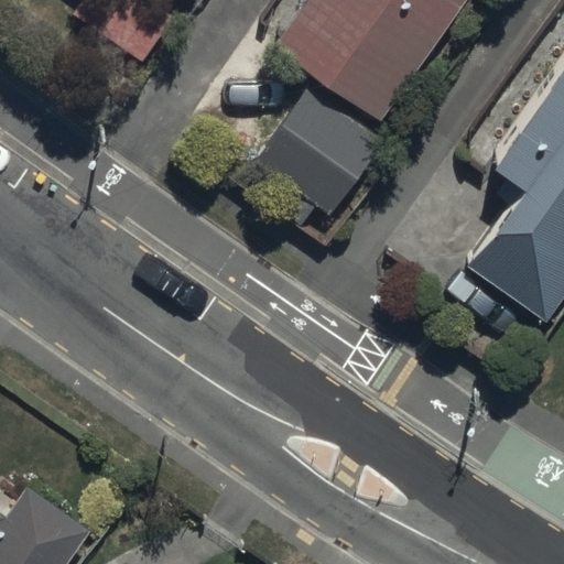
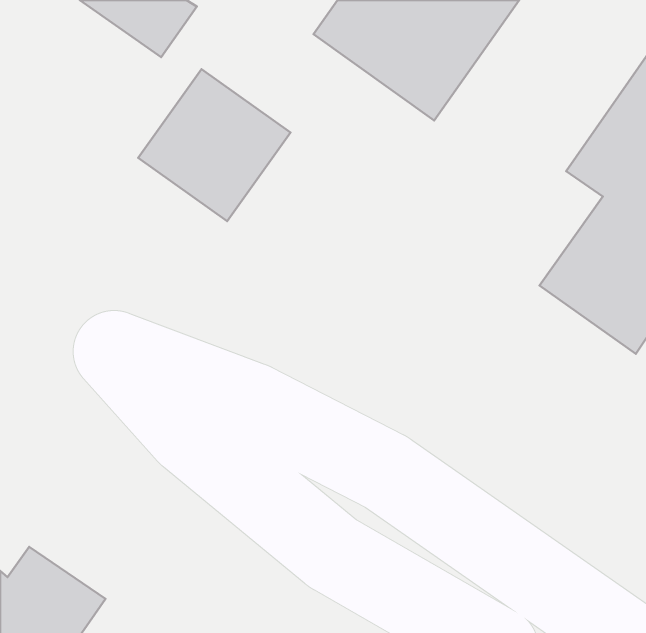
building: [252,89,384,221] -> [138,69,290,221]

